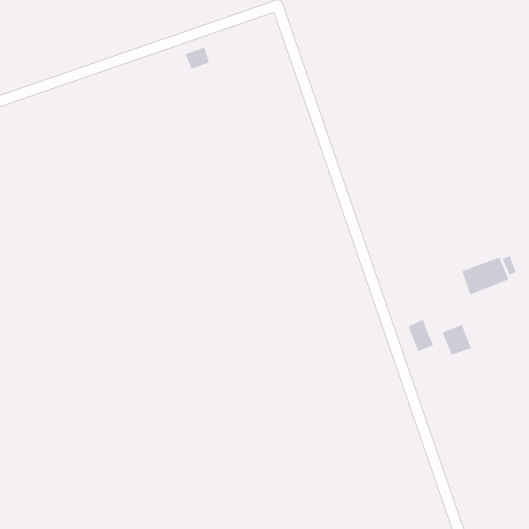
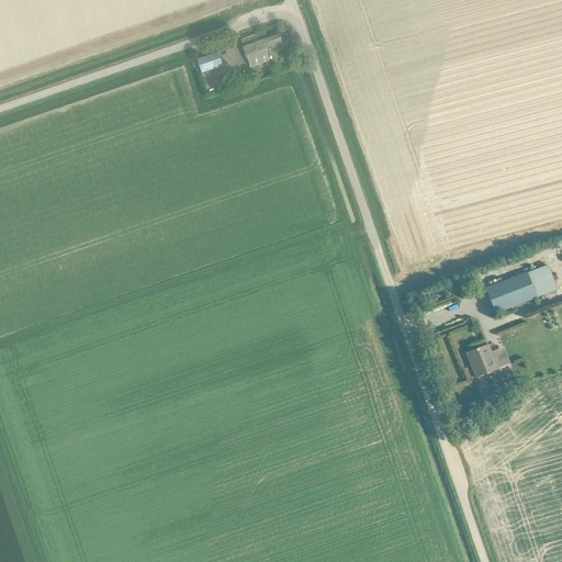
building: none -> [241,32,283,66]
building: [408,319,434,352] -> none

